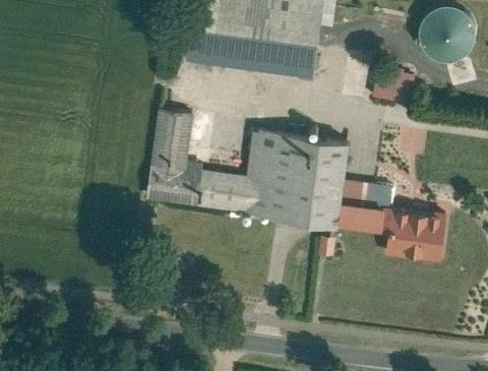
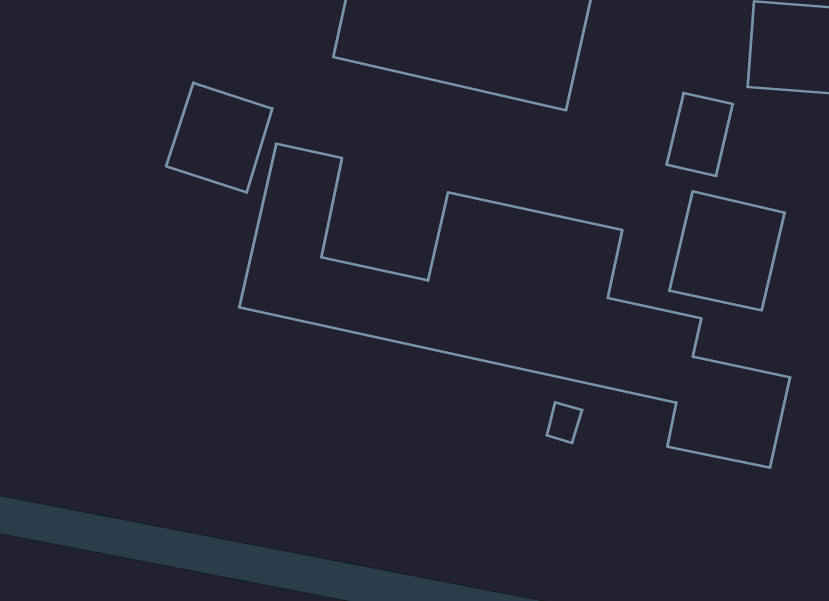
building: none -> [166,83,272,193]
building: none -> [669,191,785,310]

